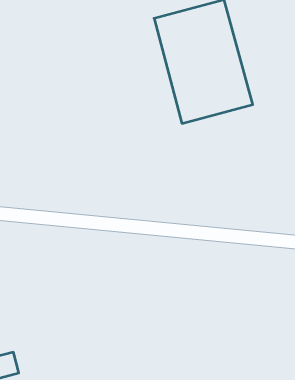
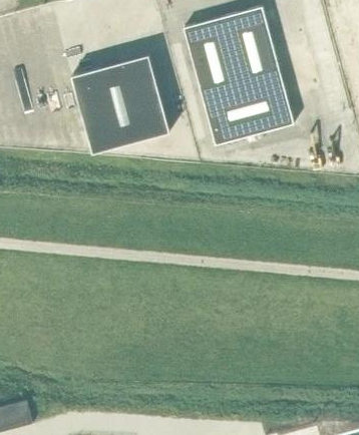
building: none -> [71,55,169,153]

